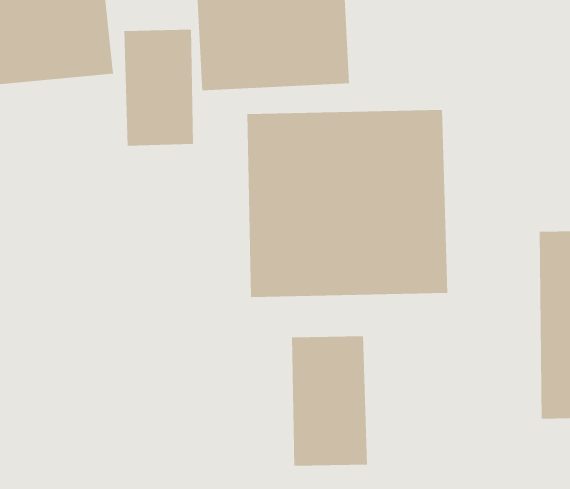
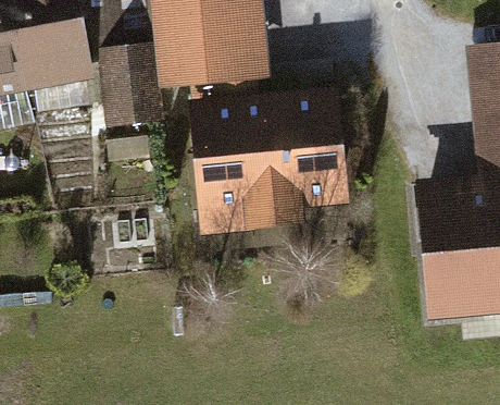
building: [291,335,368,467] -> none

